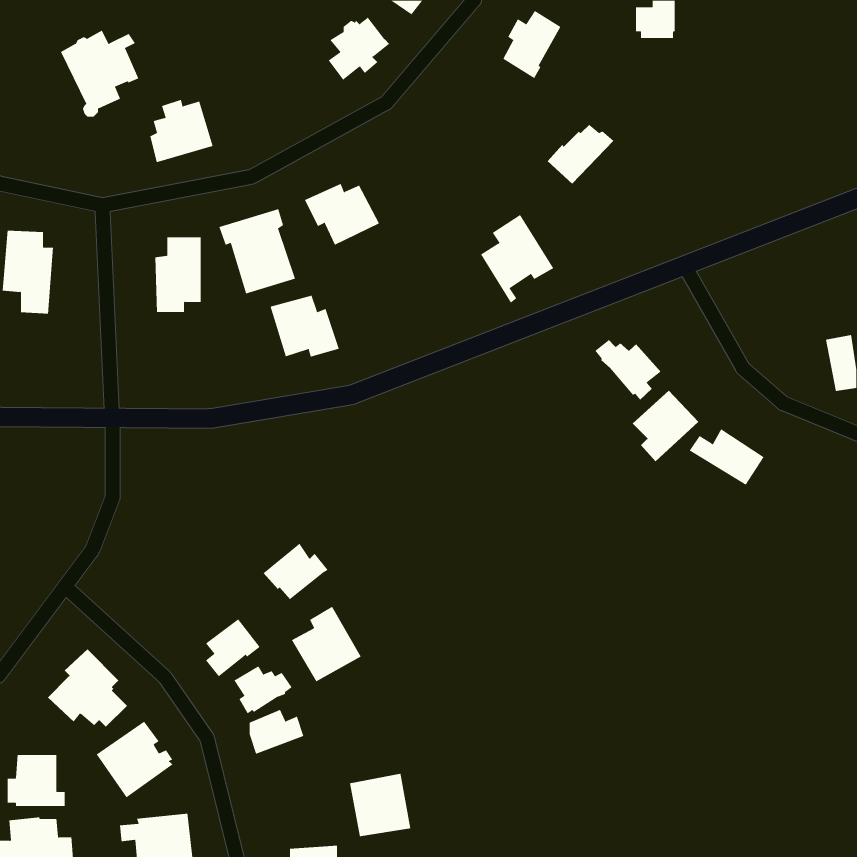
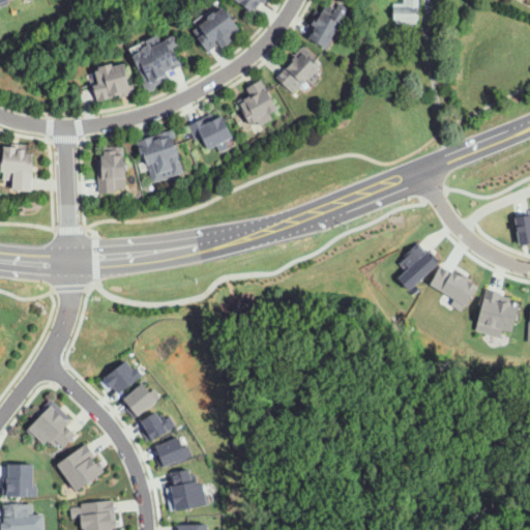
building: [60,30,139,117] -> [130,34,179,88]
building: [547,124,614,185] -> [278,56,320,93]
building: [480,214,554,303] -> [236,76,282,130]
building: [270,295,339,357] -> none
building: [595,339,662,401] -> none
building: none -> [469,286,517,330]
building: [263,543,328,600] -> [107,359,147,394]
building: [291,606,361,682] -> none
building: [349,773,411,837] -> [161,467,200,506]

